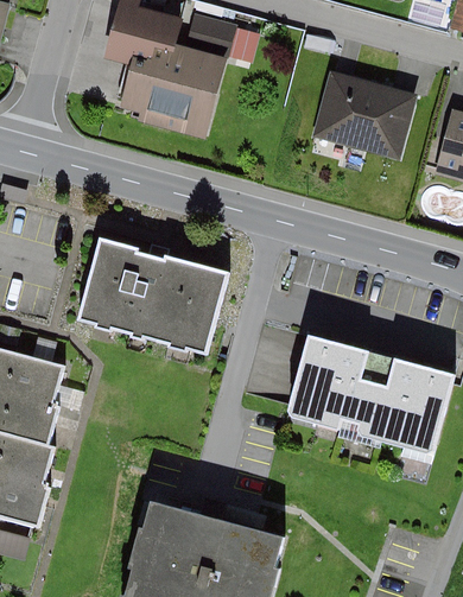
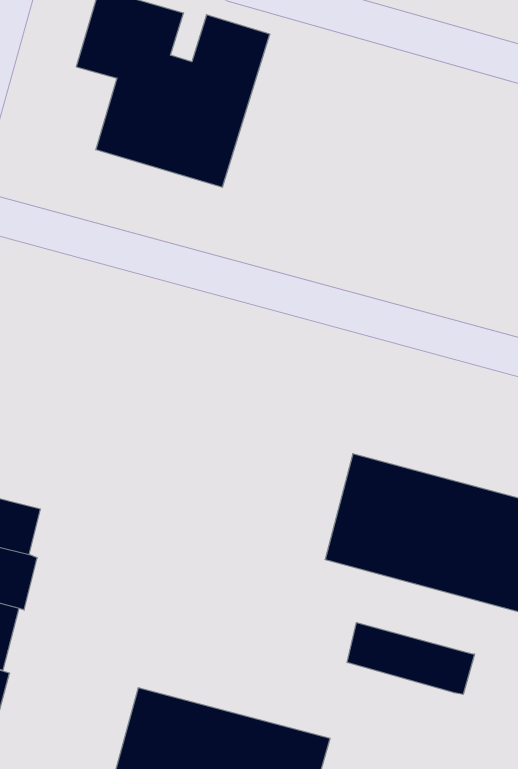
building: [306,69,411,160] -> none
building: [80,239,224,345] -> none
building: none -> [347,623,475,694]

